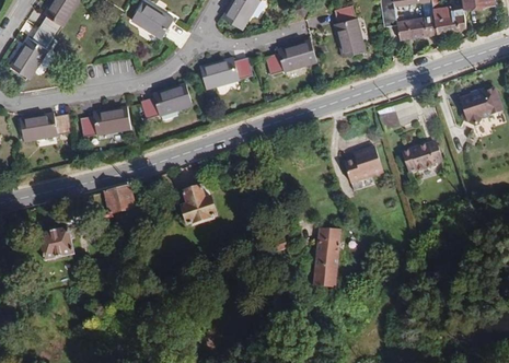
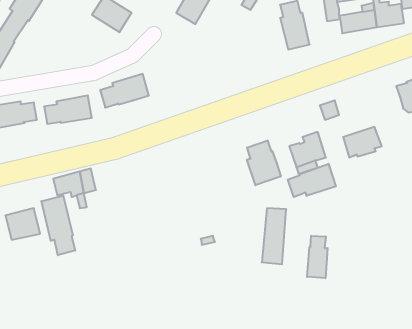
building: [266,39,317,74] -> none
building: [200,57,253,90] -> none
building: none -> [247,140,281,185]
building: [183,176,219,215] -> none
building: none -> [288,164,336,197]
building: none -> [41,196,75,255]
building: none -> [307,236,328,278]

